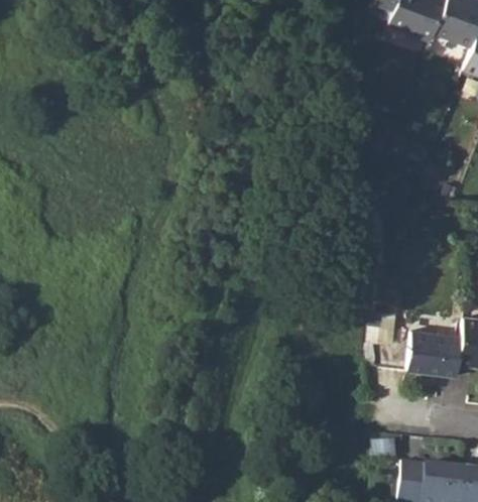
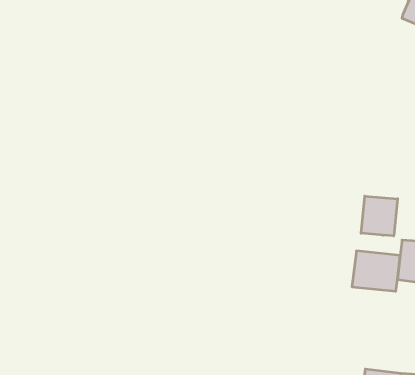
building: none -> [361,196,398,236]

